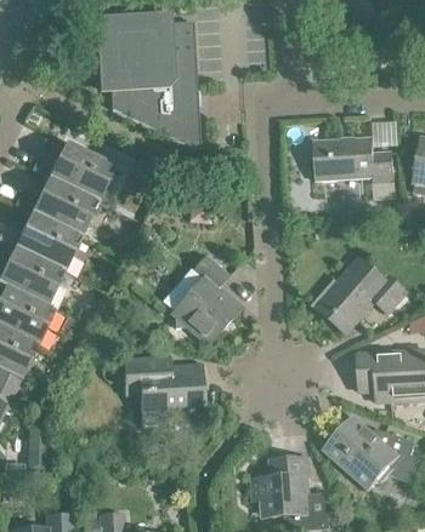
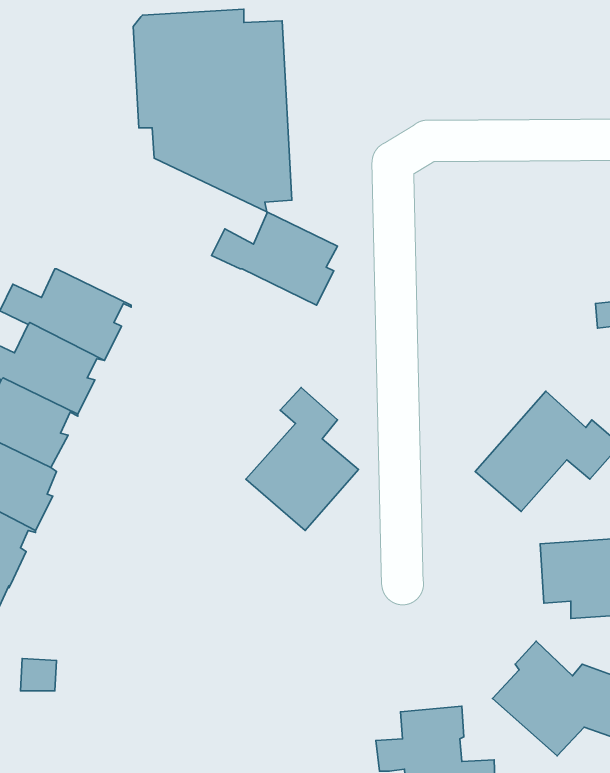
building: [312,137,392,182] -> none
building: [29,143,109,202] -> [211,212,338,305]
building: [120,356,204,425] -> none

